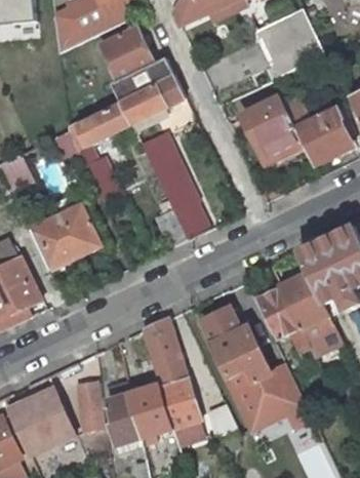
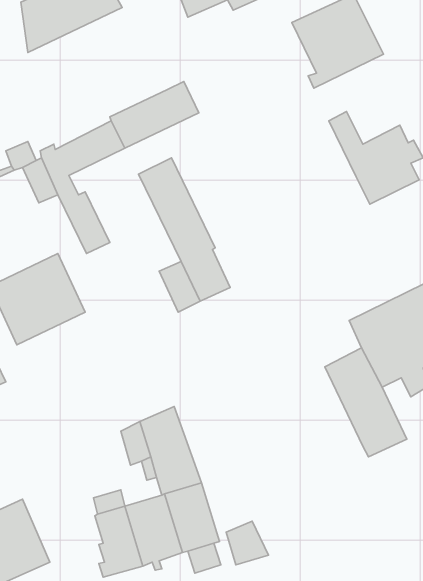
building: [102,26,163,99] -> none
building: [244,95,305,162] -> none
building: [258,287,310,352] -> none
building: [197,306,312,430] -> none
building: [76,381,104,430] -> none

